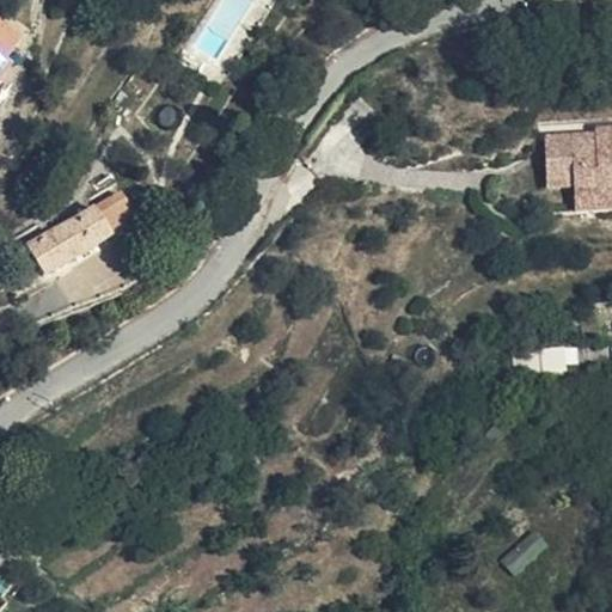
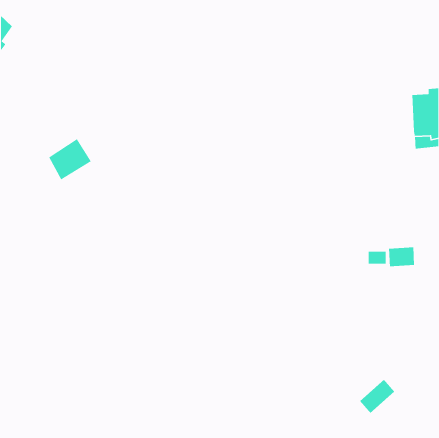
building: [545,131,575,184] -> none
building: [30,219,85,275] -> none

